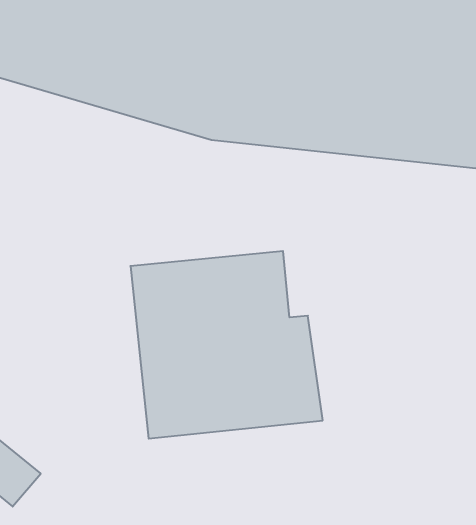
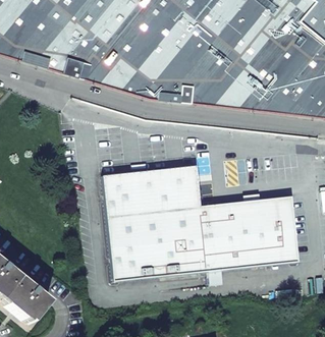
building: none -> [212,196,299,270]

